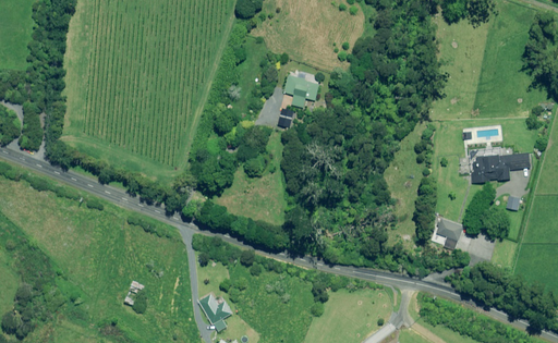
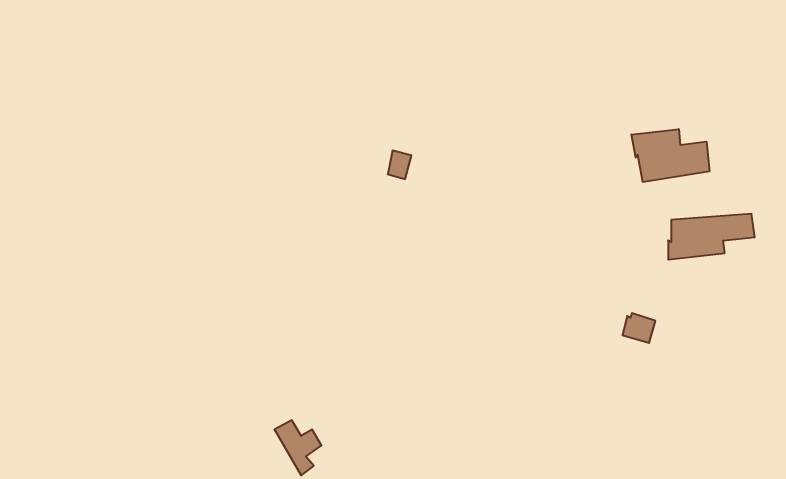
building: [284,74,319,106] -> none
building: none -> [631,129,709,182]

